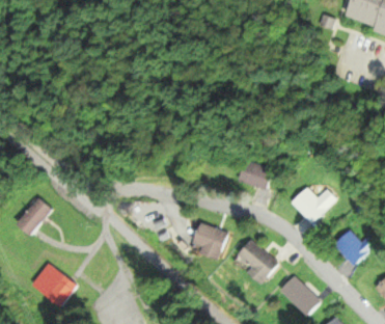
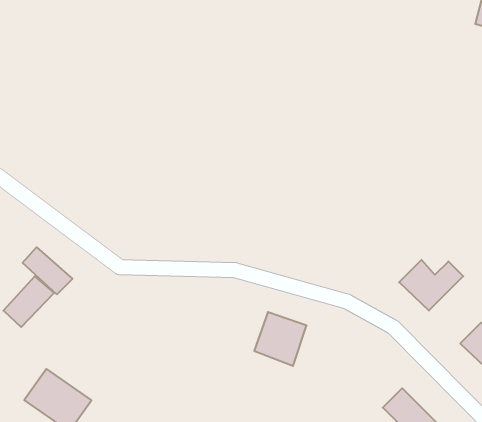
building: [240,159,272,189] -> none
building: none -> [23,247,72,294]
building: [235,240,279,282] -> none

